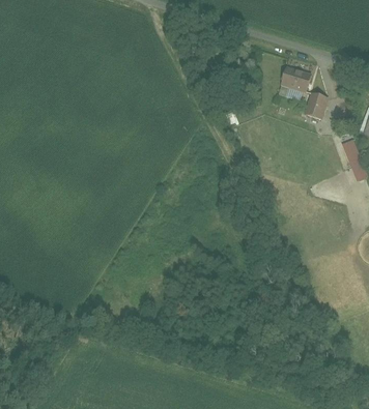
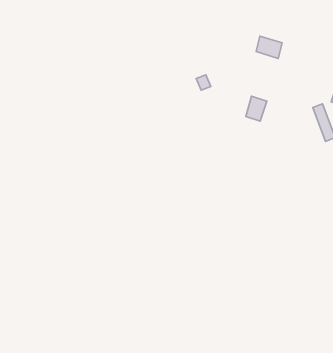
building: [304,91,327,118] -> [246,96,267,121]

